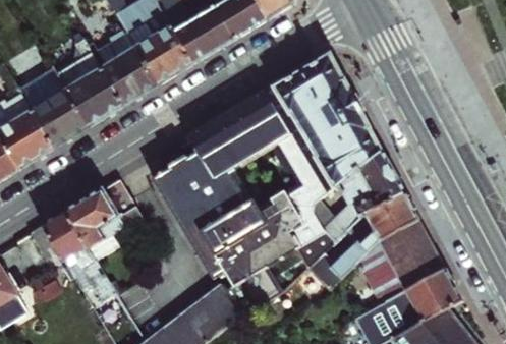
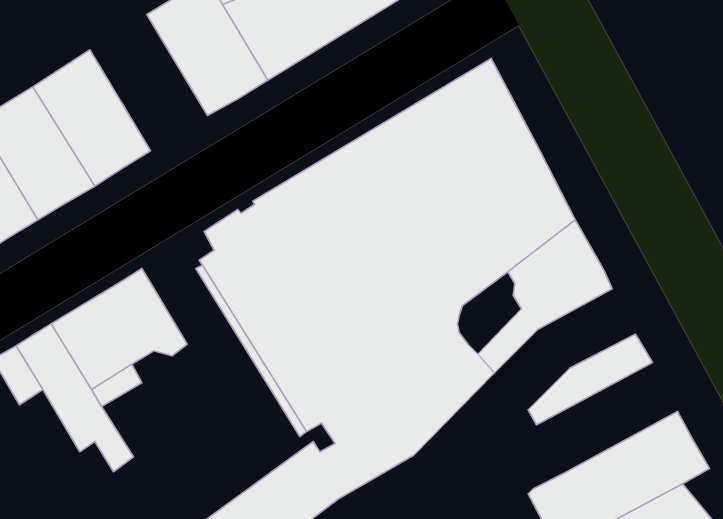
building: [87,24,158,107] -> none
building: [331,190,417,276] -> none
building: [357,235,443,302] -> none

